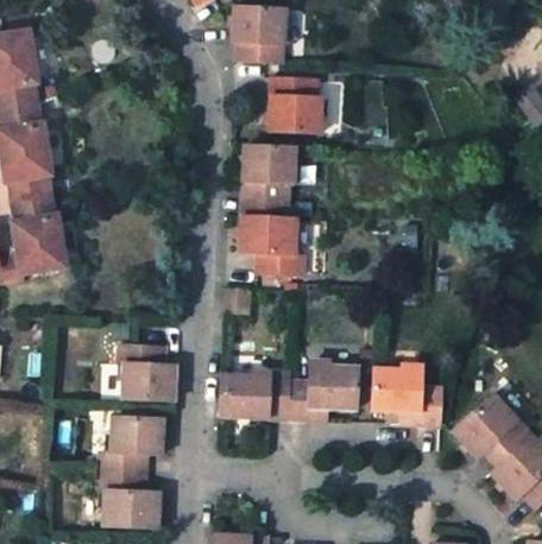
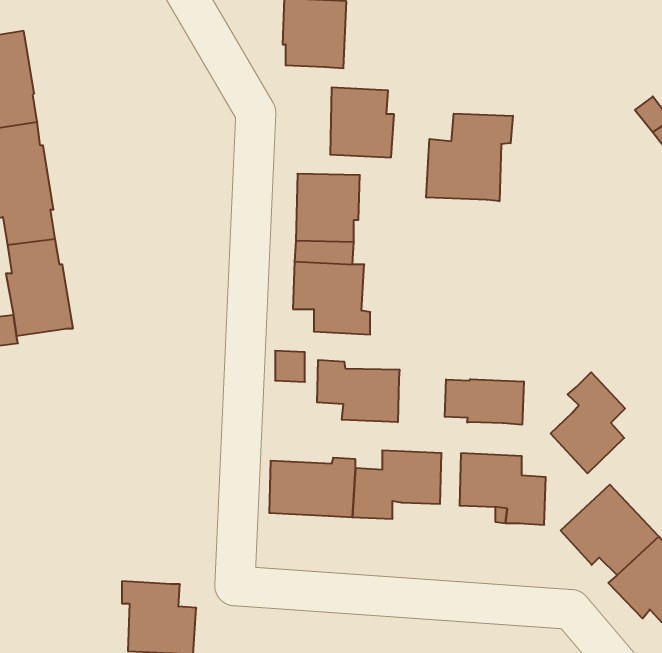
building: none -> [426,114,513,201]
building: none -> [317,360,400,422]
building: none -> [551,372,625,473]
building: none -> [445,379,524,425]
building: [119,346,177,401] -> none
building: [102,418,164,473] -> none

